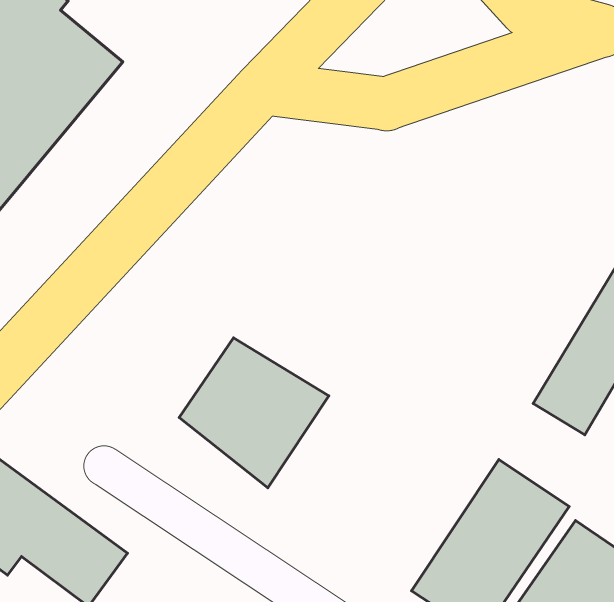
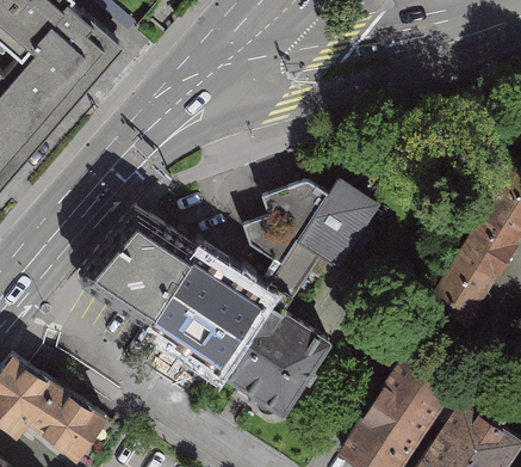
building: none -> [244,184,380,299]
building: none -> [94,223,198,322]
building: none -> [224,306,340,423]

